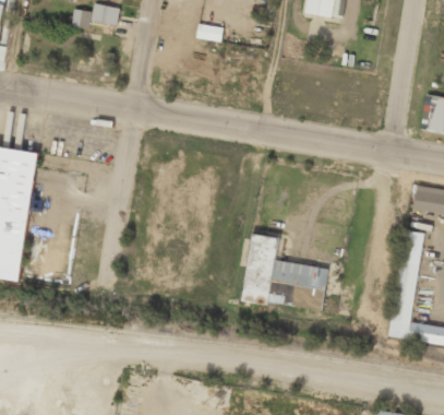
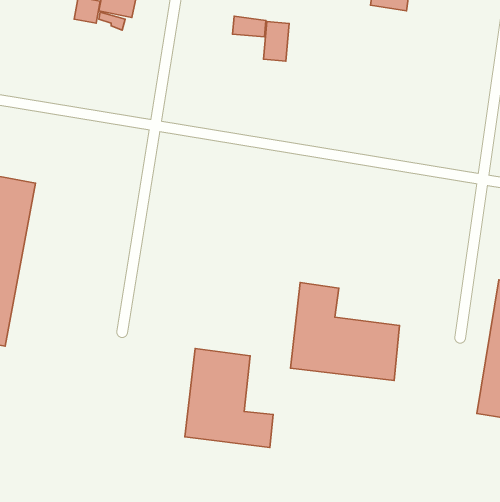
building: none -> [264,21,289,61]
building: none -> [185,348,273,447]

